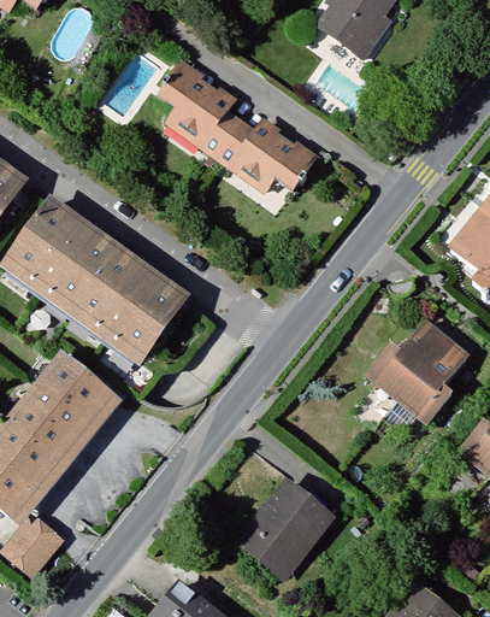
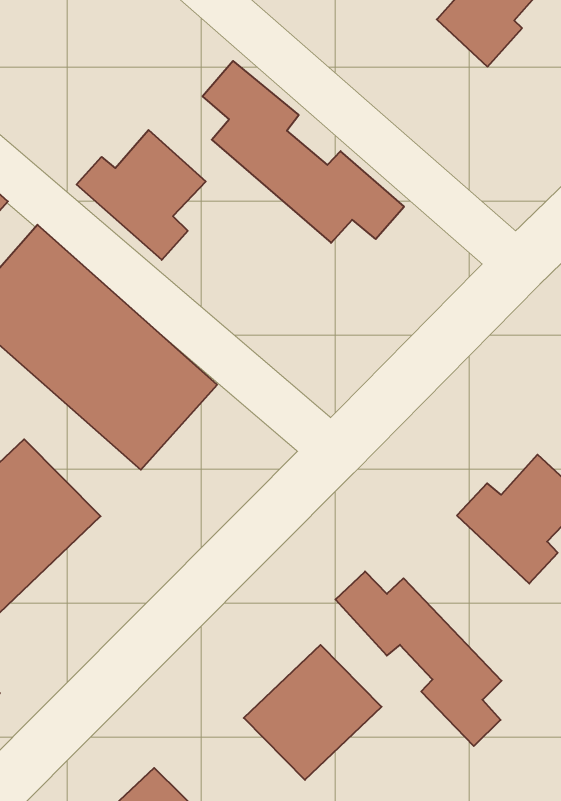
building: none -> [77,130,206,260]
building: none -> [335,571,502,746]

